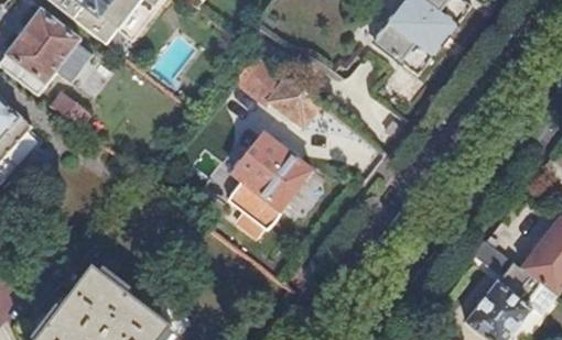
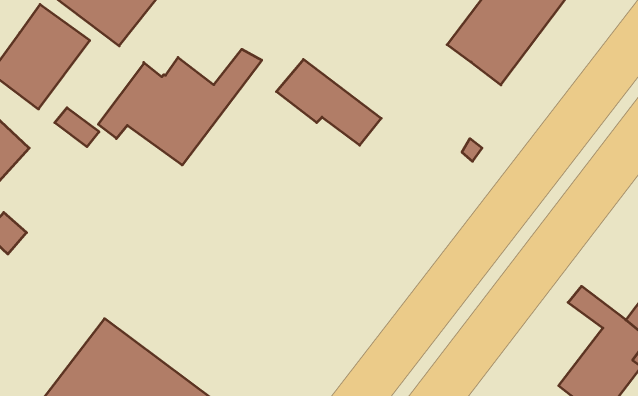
building: none -> [98,49,262,165]
building: [229,134,311,229] -> none

